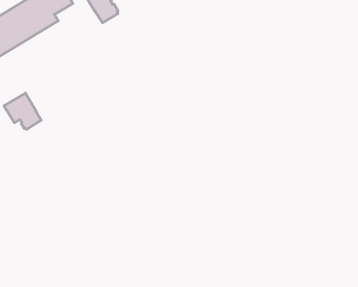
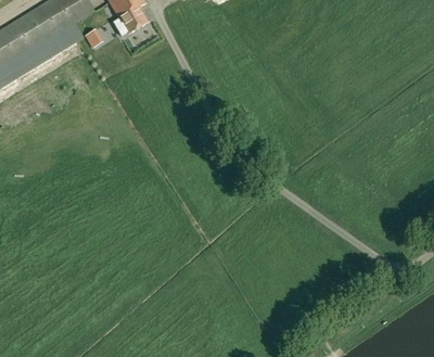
building: [4,93,41,129] -> none

